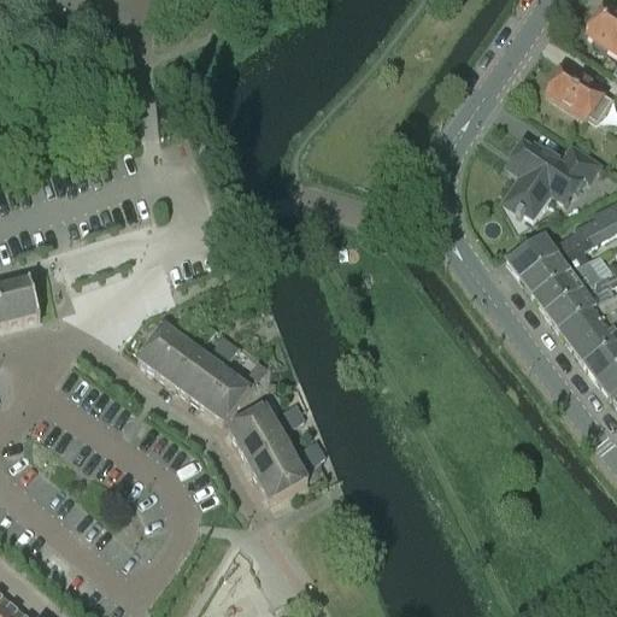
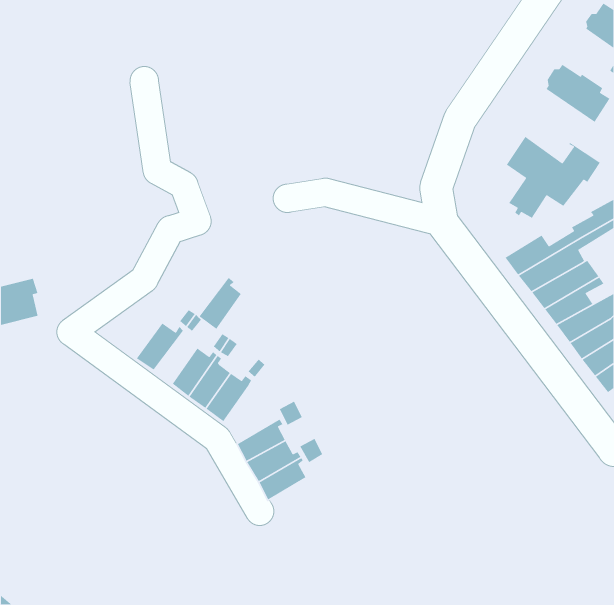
building: [154,331,198,384] -> [199,277,242,330]
building: [227,404,281,445] -> none

